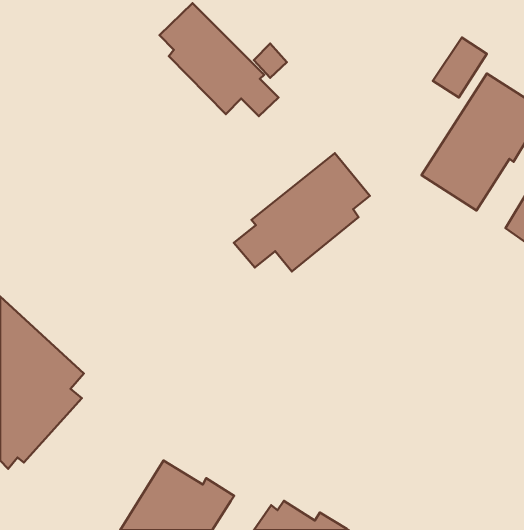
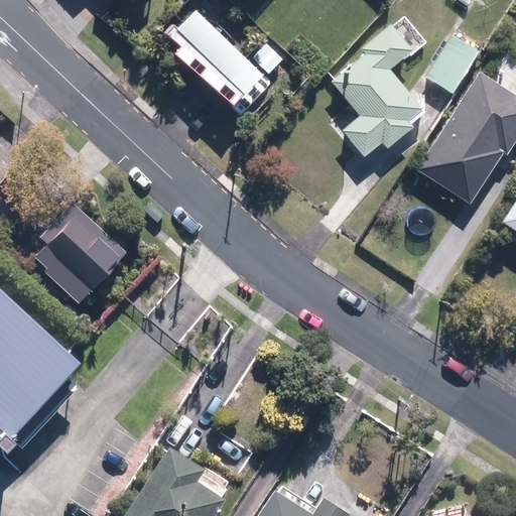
building: none -> [330,17,429,158]
building: [234,153,370,272] -> none
building: none -> [28,204,126,304]

